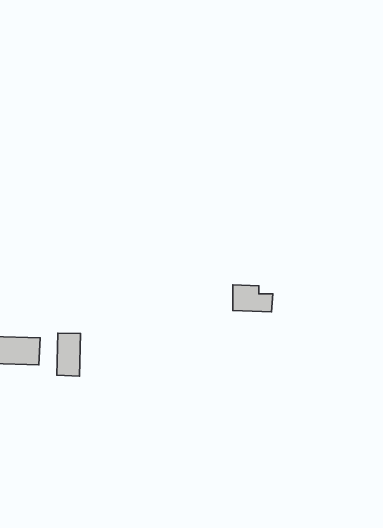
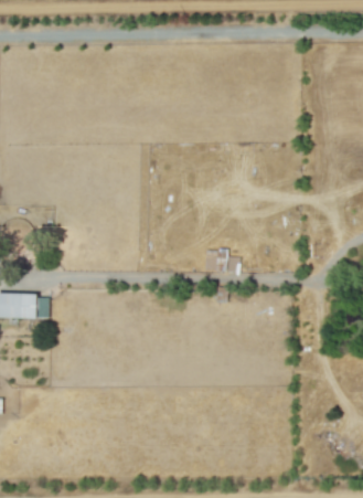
building: [57,333,81,376] -> none

